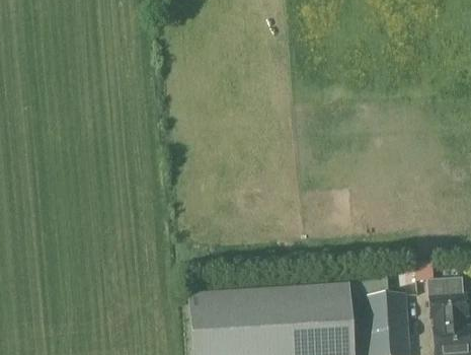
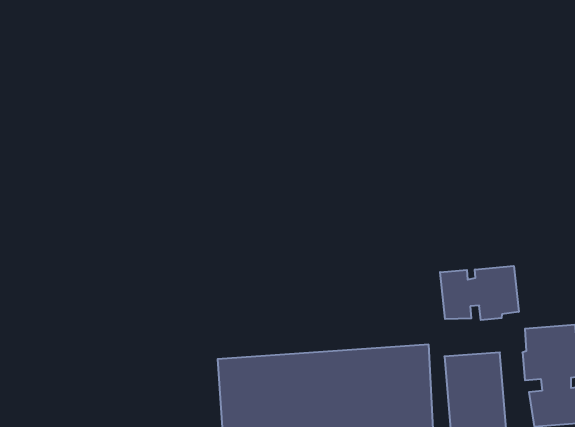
building: none -> [440,266,519,320]

